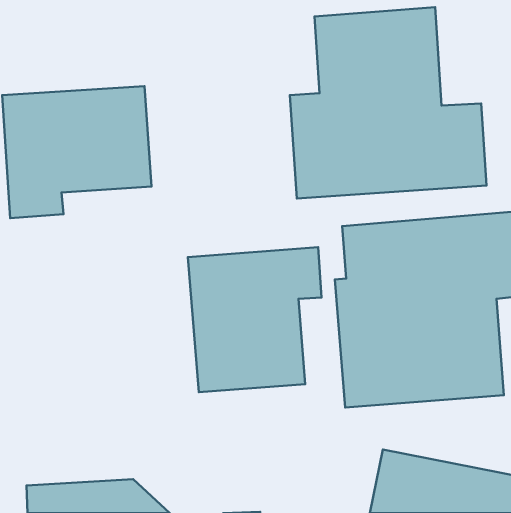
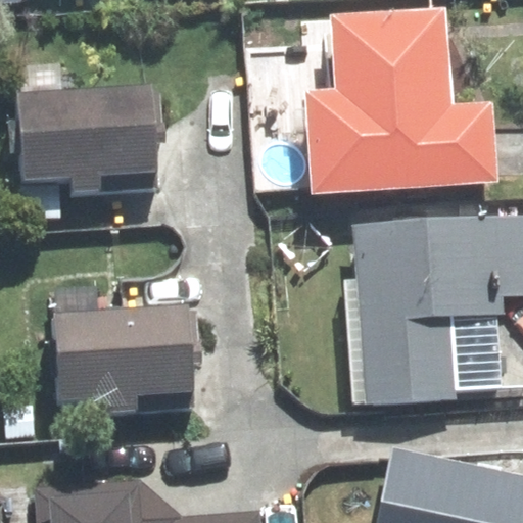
building: [188,247,321,392] -> none
building: none -> [50,305,201,416]

